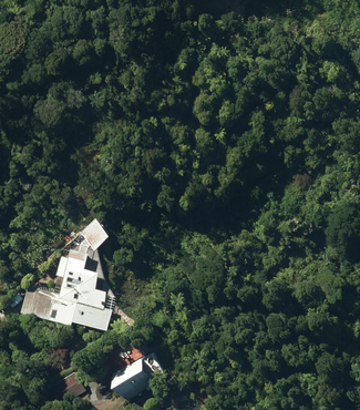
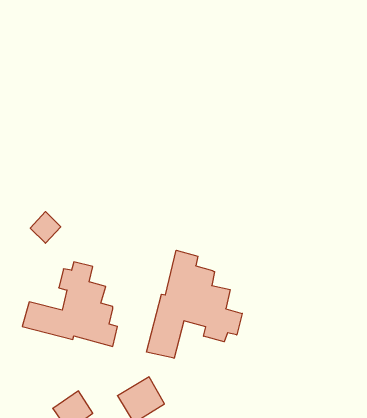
building: [81,218,110,248] -> [30,212,61,243]
building: none -> [147,250,242,358]

